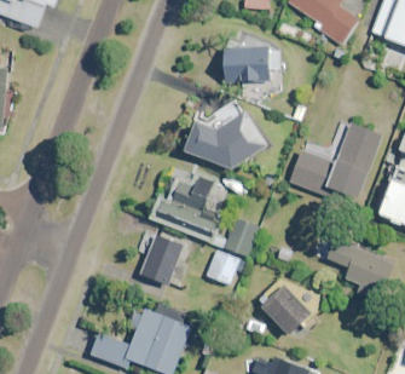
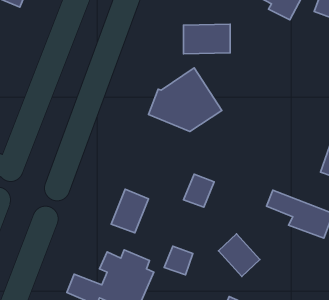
building: [289,125,382,200] -> none
building: [156,167,218,237] -> none
building: [206,251,238,283] -> [164,246,193,275]

